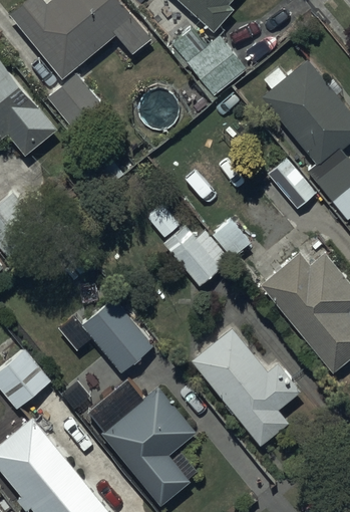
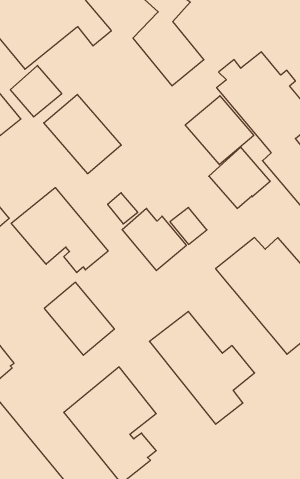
building: none -> [44,94,121,174]
building: none -> [185,96,254,165]
building: none -> [11,188,108,273]

